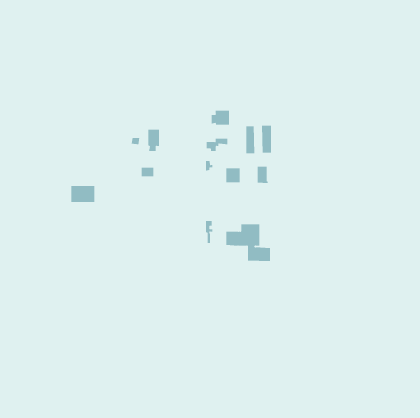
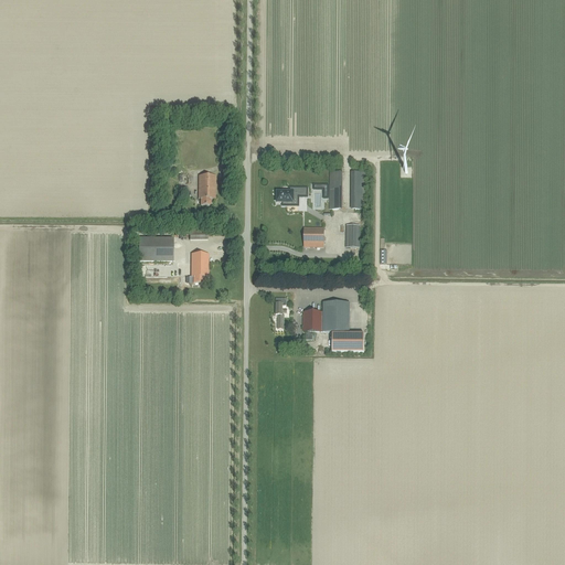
building: [211,110,230,126] -> none
building: [71,185,95,203] -> [138,236,171,259]
building: none -> [190,252,207,281]

